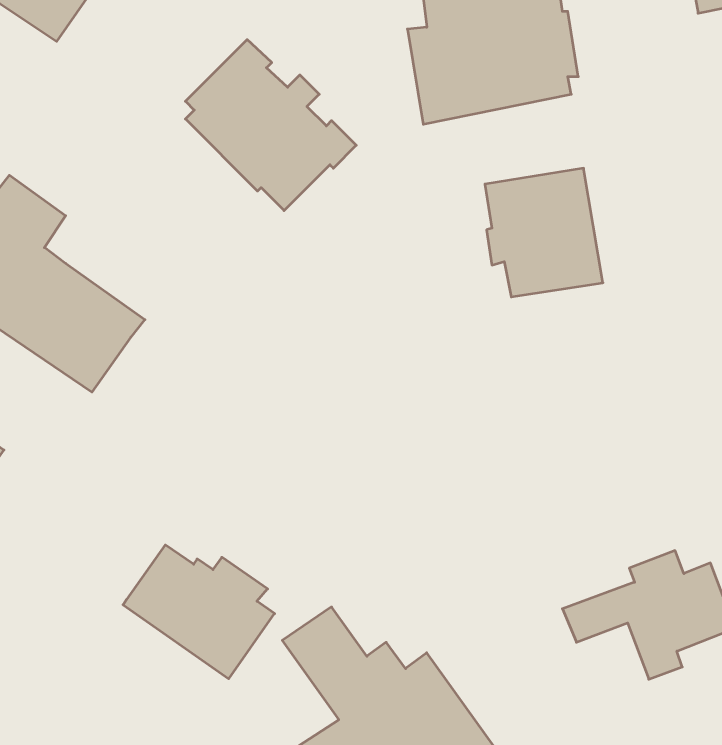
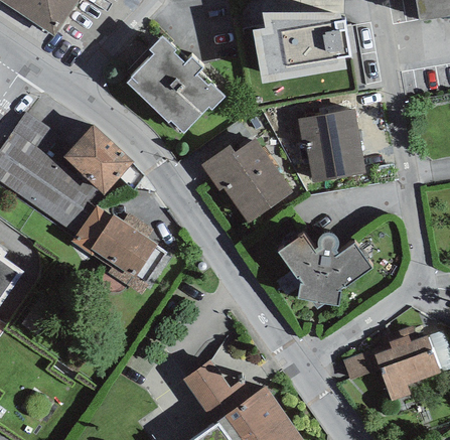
building: none -> [58,124,134,195]
building: none -> [201,137,293,223]
building: none -> [278,232,372,304]
building: [123,545,275,679] -> [71,205,158,282]

